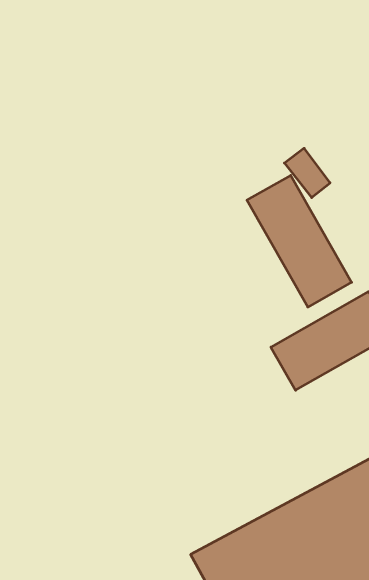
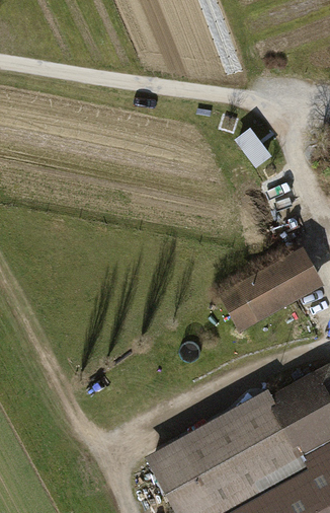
building: [247,175,352,307] -> none

